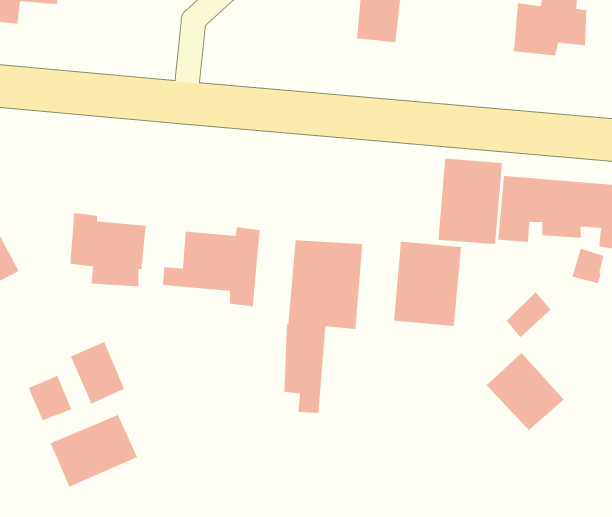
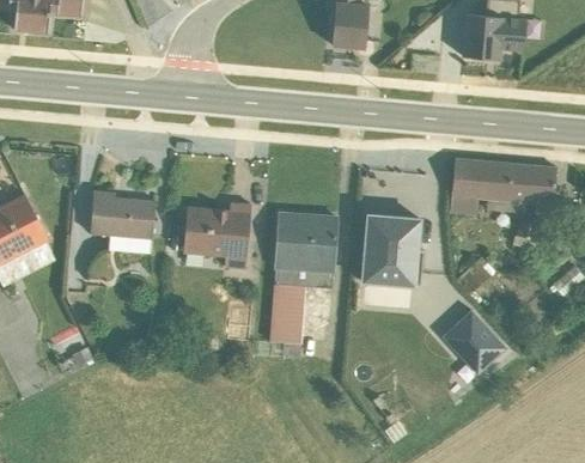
building: [438,158,502,245] -> none
building: [70,341,125,405] -> none
building: [50,414,138,487] -> none

